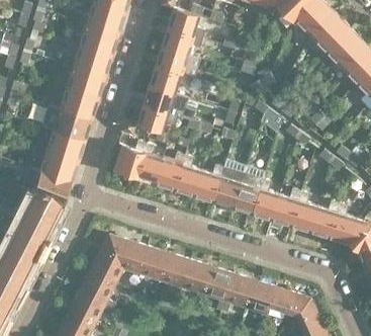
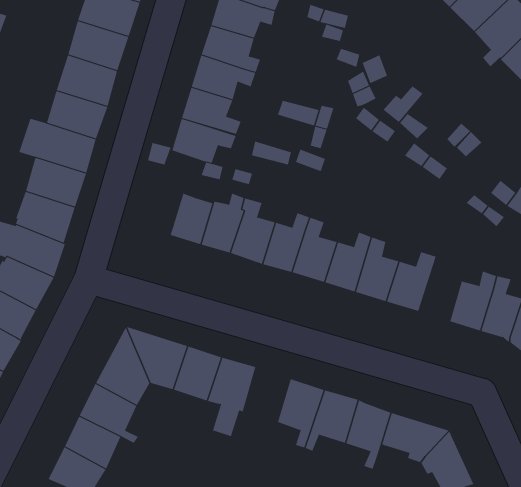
building: [116,141,156,178] -> none
building: [291,191,317,232] -> none
building: [182,260,211,295] -> none

